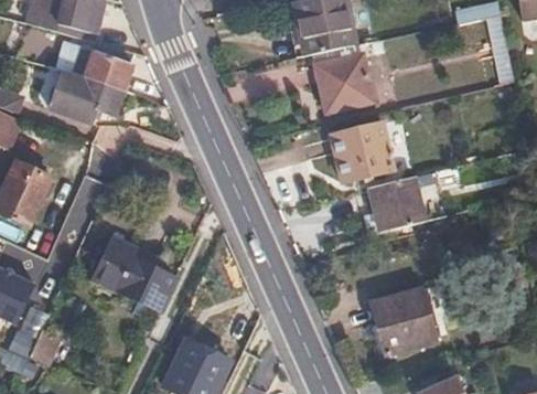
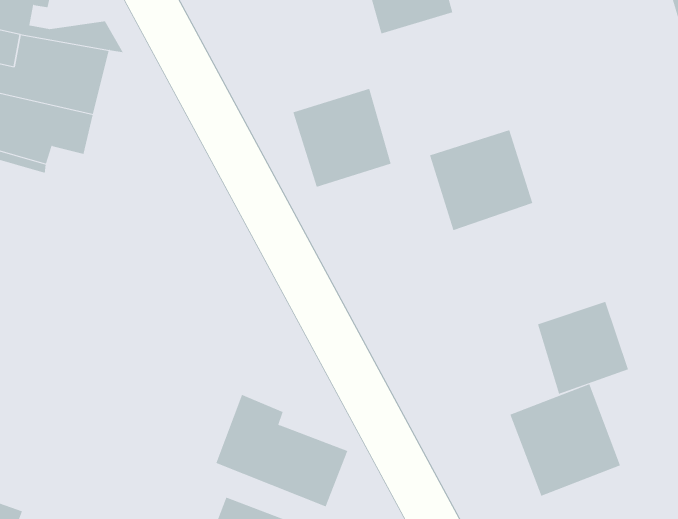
building: [314,52,374,111] -> [293,88,392,188]
building: [370,175,426,232] -> [537,301,629,395]
building: [92,236,175,311] -> [215,394,348,507]

